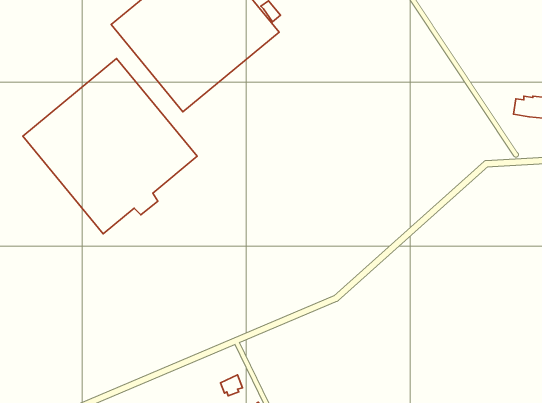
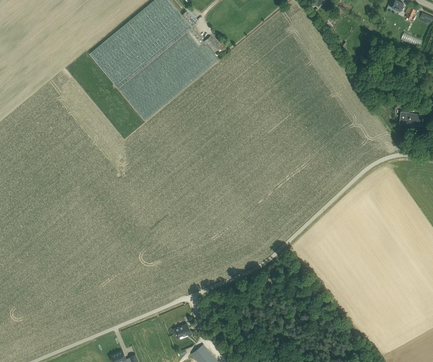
building: [23,58,197,234] -> none

